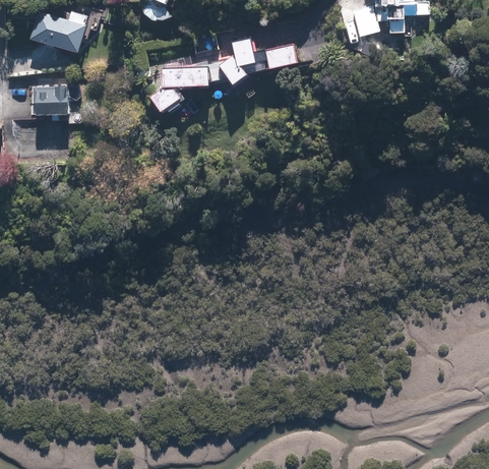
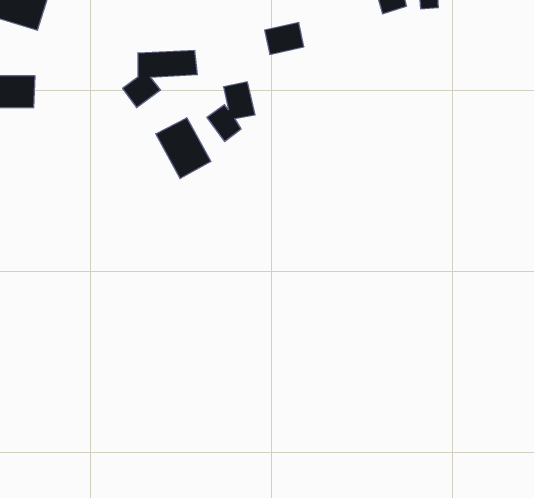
building: [216,38,254,85] -> [207,82,255,141]
building: none -> [156,118,211,179]

